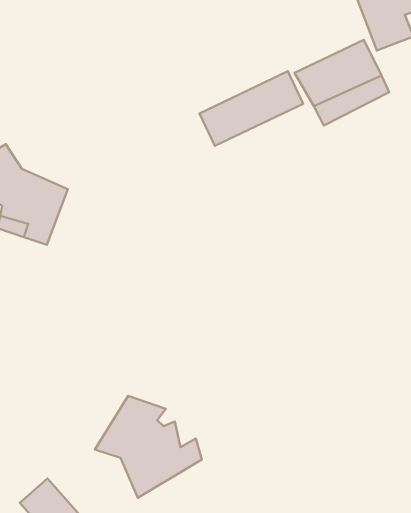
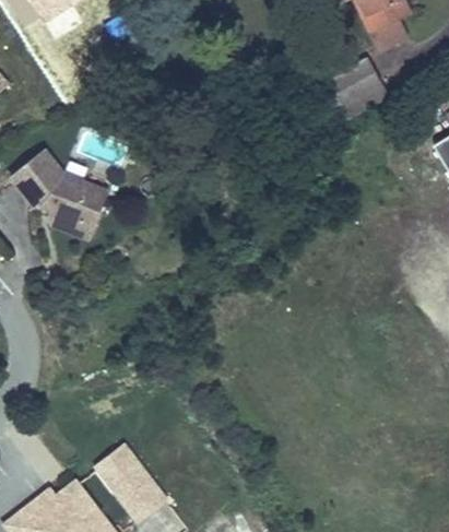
building: [199,71,303,146] -> none
building: [95,396,202,498] -> none

